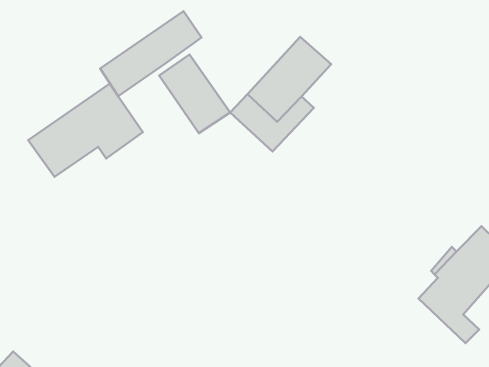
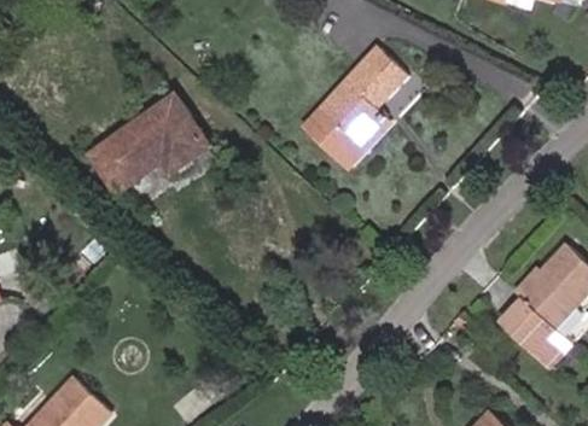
building: [100,11,202,96] -> none
building: [159,55,230,133] -> none

